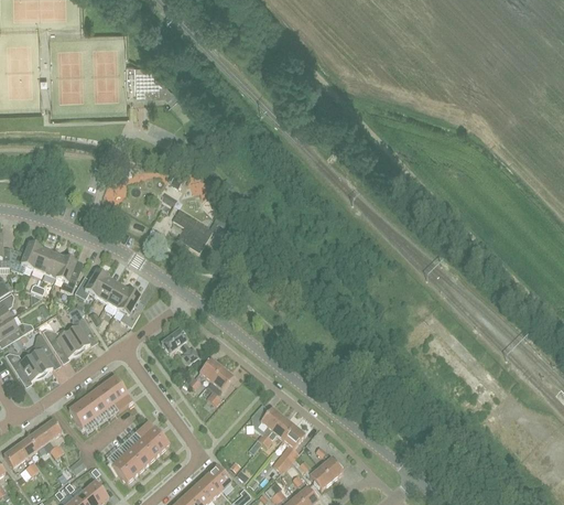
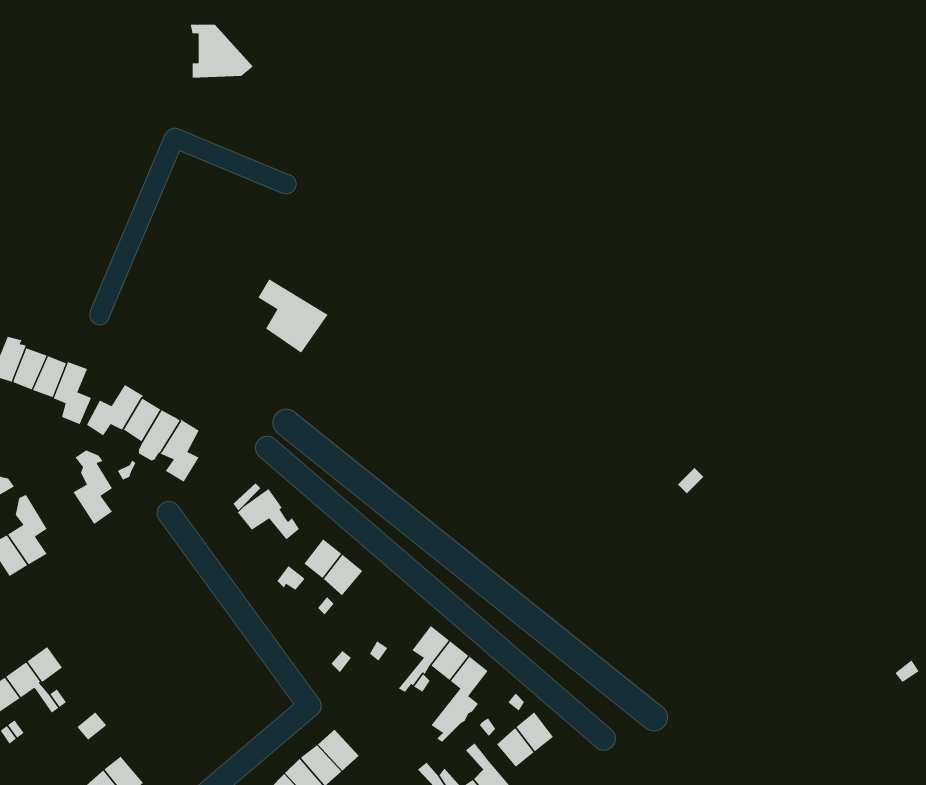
building: [43,327,79,355] -> none
building: [68,375,132,427] -> none
building: [111,421,169,481] -> none

